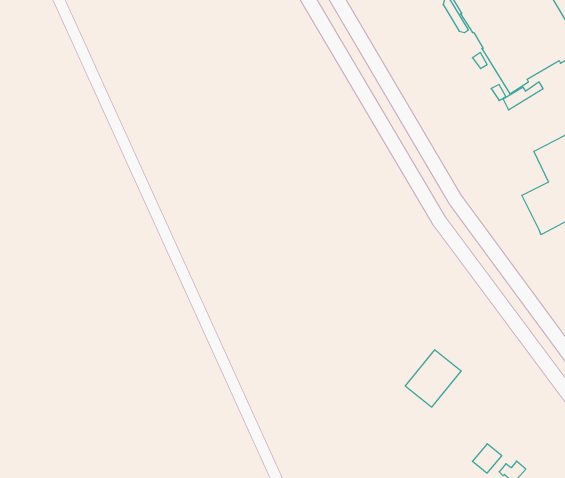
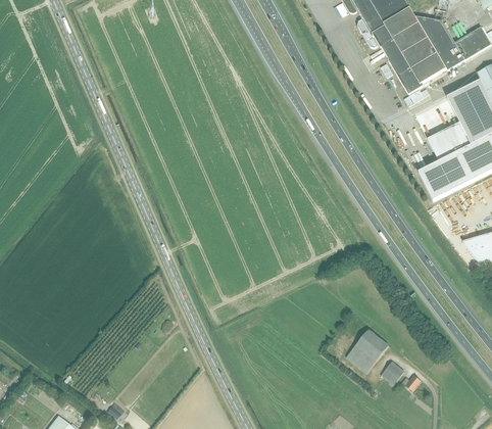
building: [405,350,461,407] -> [346,329,389,373]

